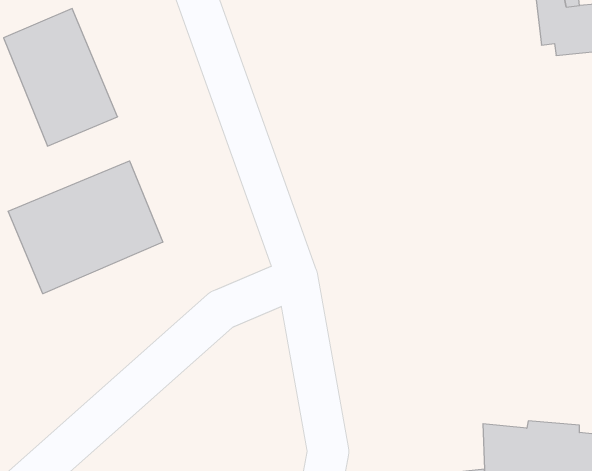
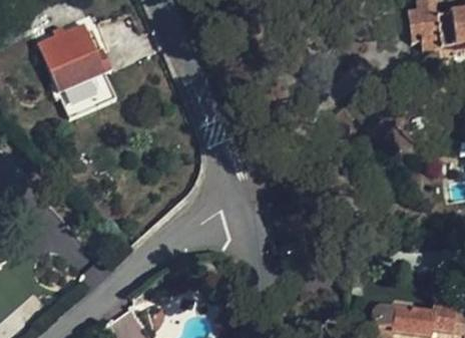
building: [8,161,163,294] -> none

